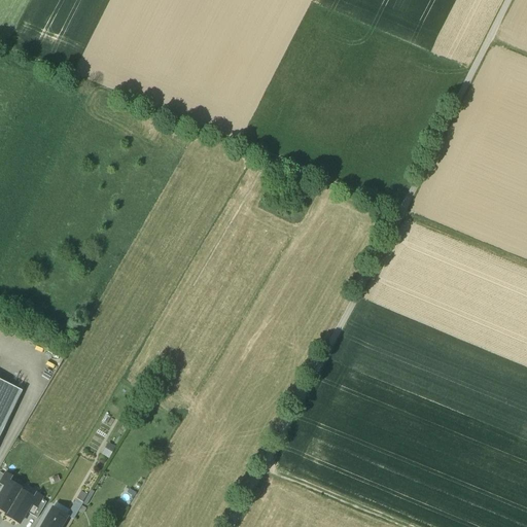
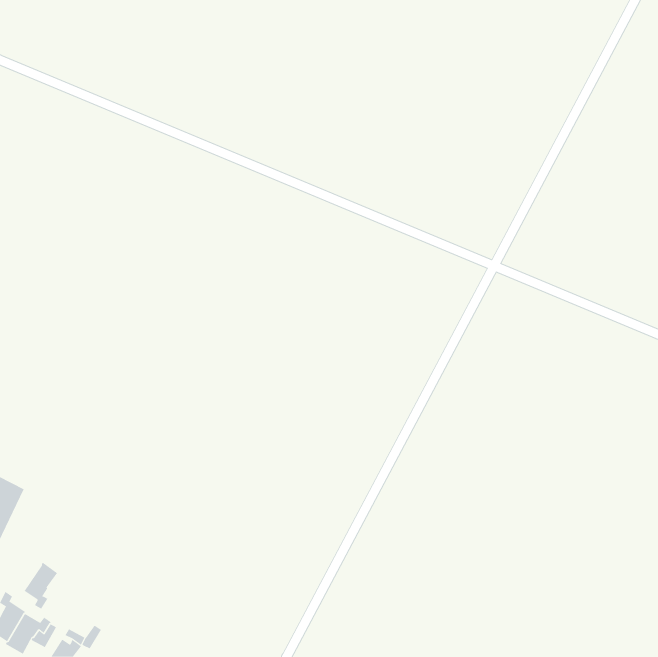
building: none -> [24,562,58,610]

